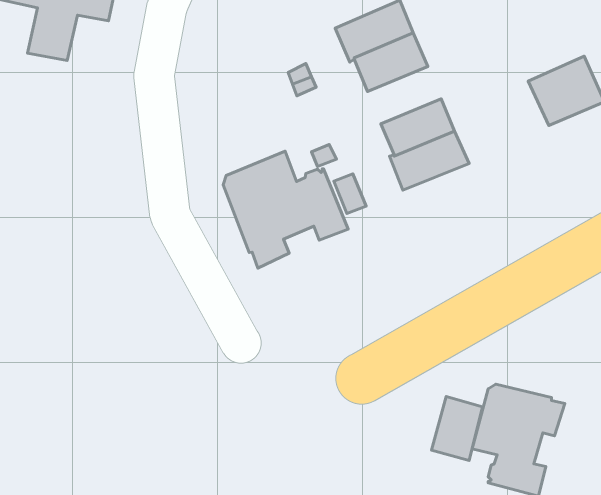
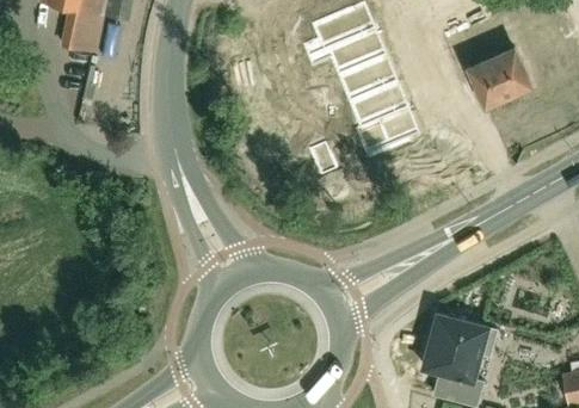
building: none -> [335,56,395,103]
building: [223,151,348,268] -> none
building: [432,396,483,461] -> none

